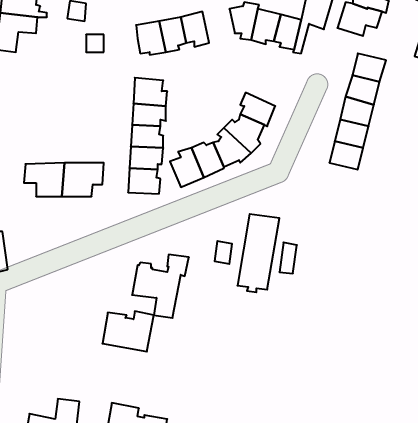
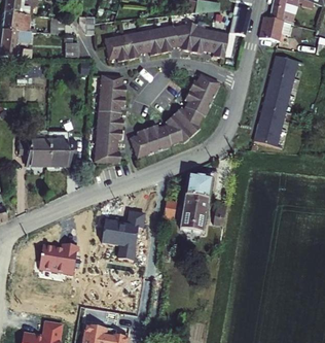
building: none -> [155,21,180,48]
building: none -> [188,70,219,97]
building: [102,311,154,352] -> [39,241,78,272]

